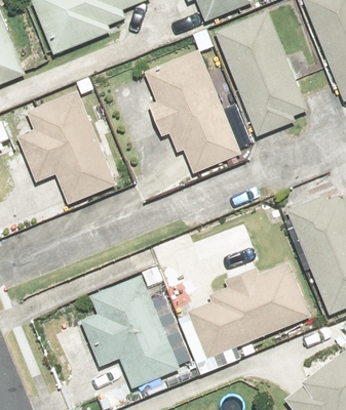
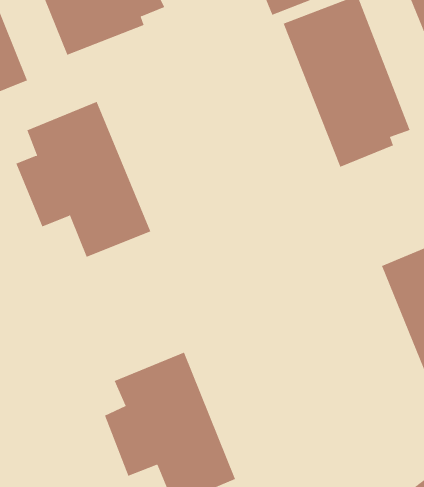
building: [144,50,240,173] -> none
building: [188,262,310,358] -> none

